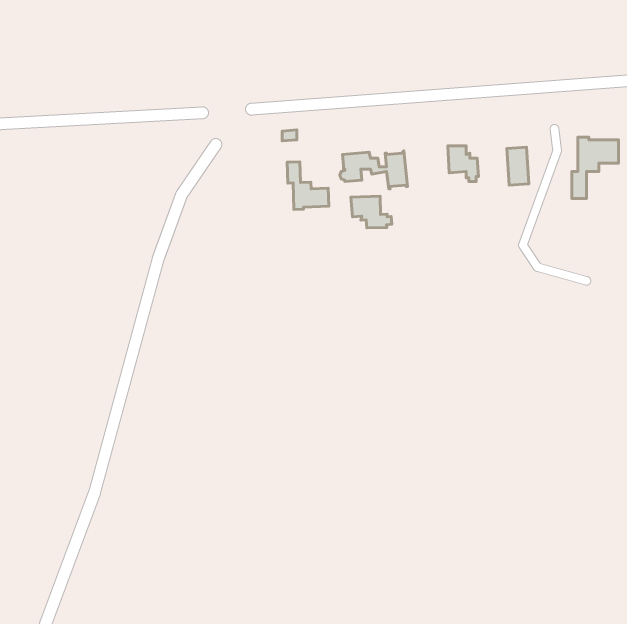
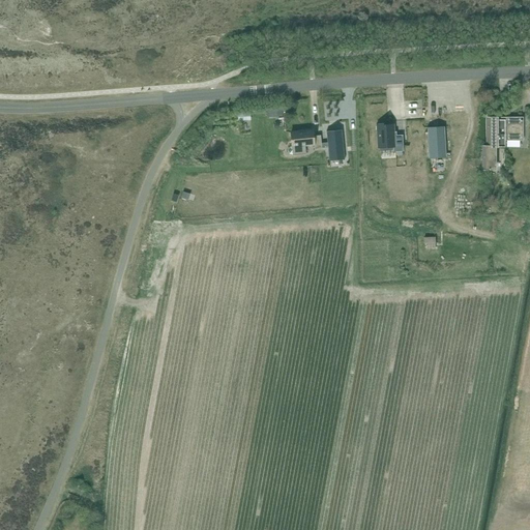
building: [287,162,329,209] -> none
building: [351,196,392,228] -> none

